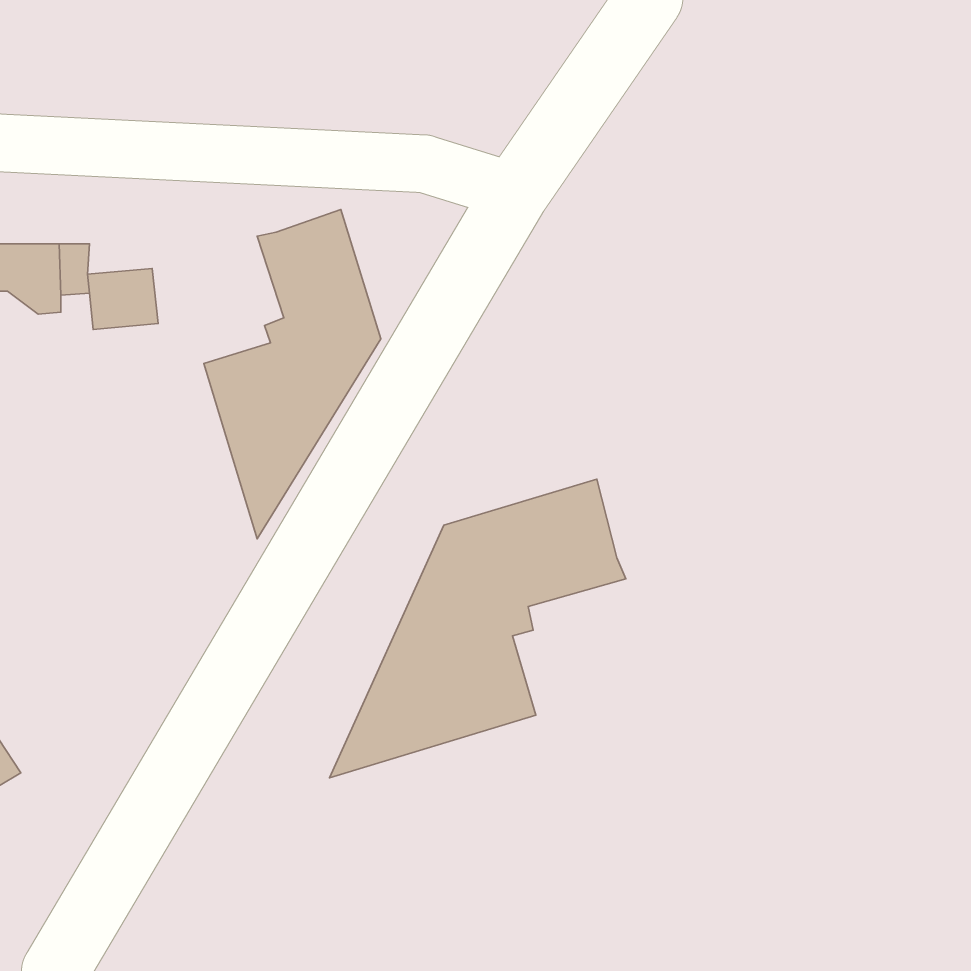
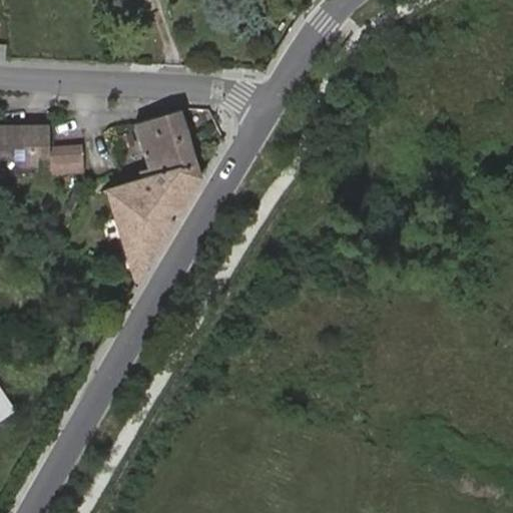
building: [329,479,626,778] -> none

